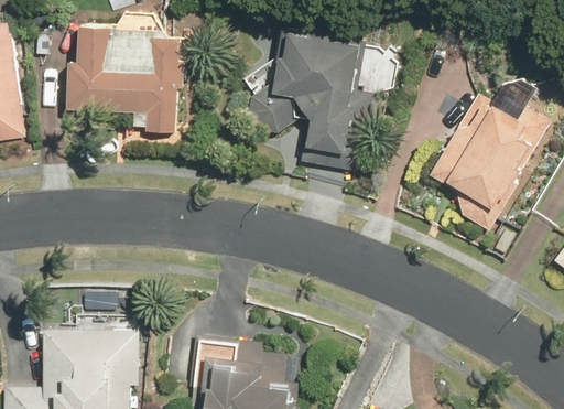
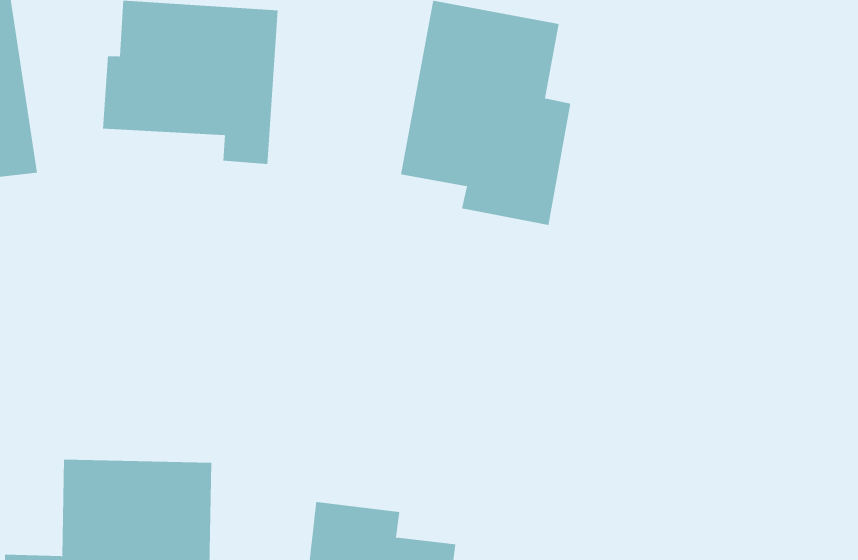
building: [420,84,551,230] -> none

